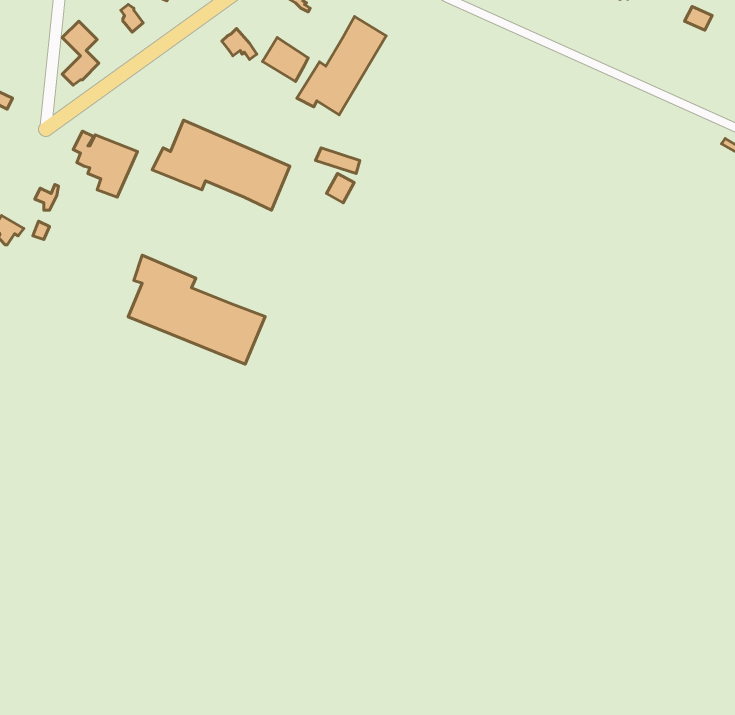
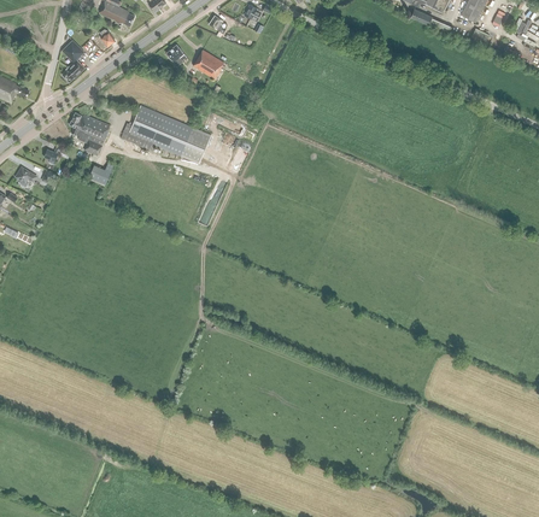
building: [297,16,386,115] -> none
building: [128,255,265,364] -> none

